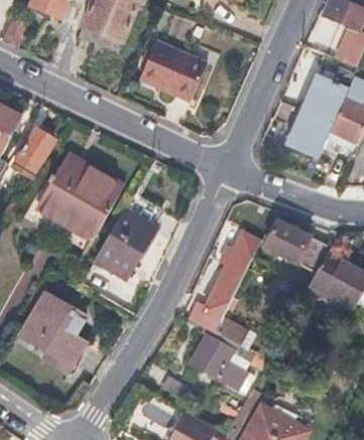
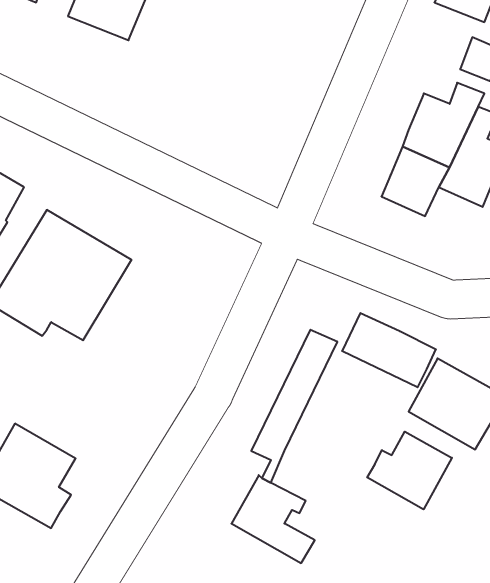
building: [138,40,204,101] -> none
building: [94,210,156,280] -> none
building: none -> [367,432,452,509]

